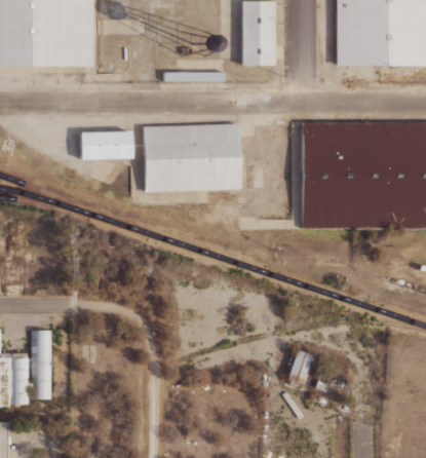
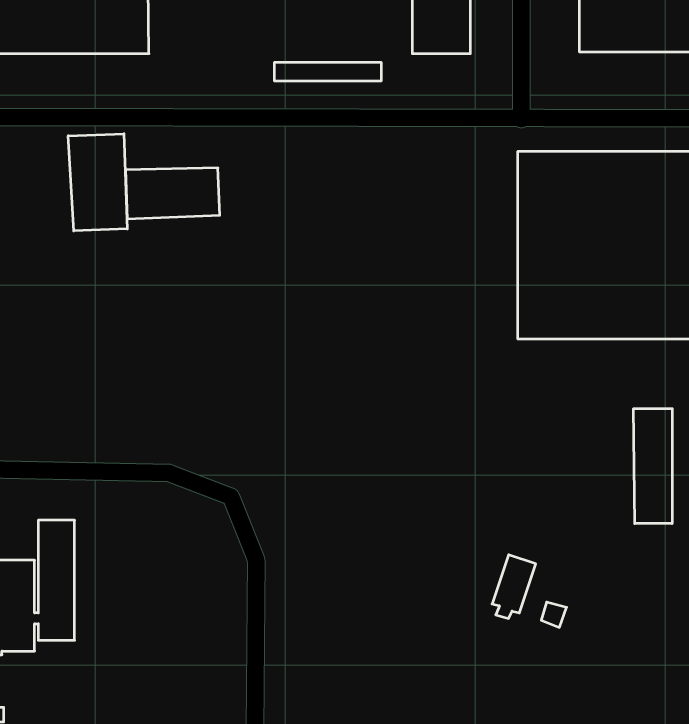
building: none -> [68,134,127,231]
building: [143,123,241,192] -> none
building: none -> [634,409,672,524]

